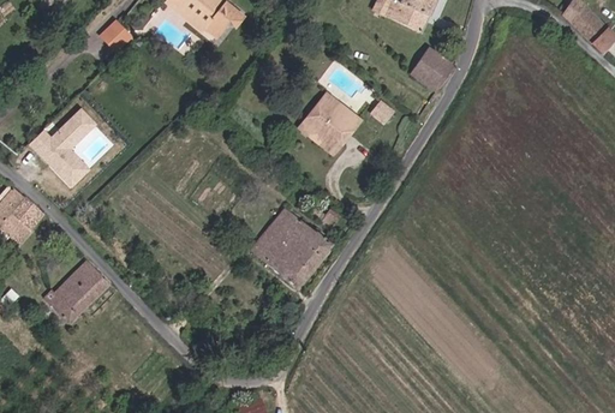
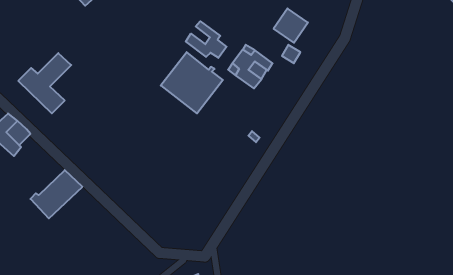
building: [410,46,454,90] -> [274,8,308,43]
building: none -> [186,21,227,58]
building: [251,208,332,287] -> [161,52,223,113]

